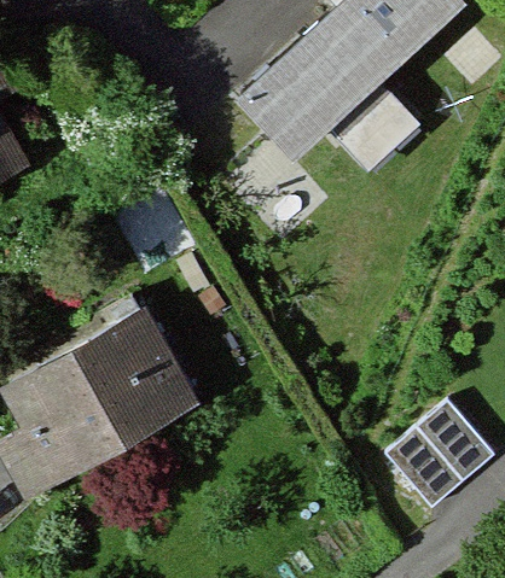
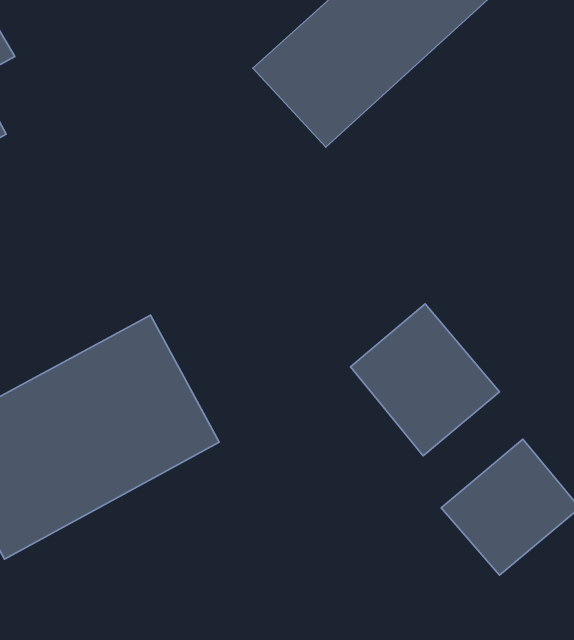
building: none -> [350,304,500,456]

